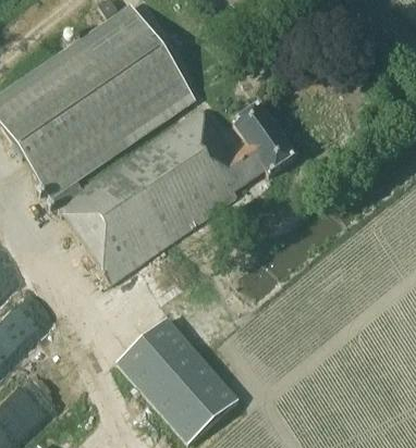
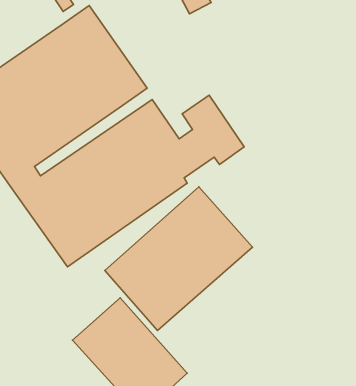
building: none -> [105,187,253,331]

